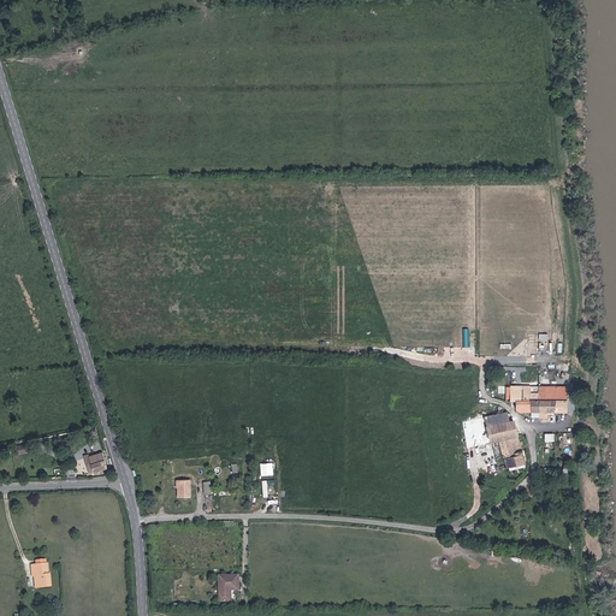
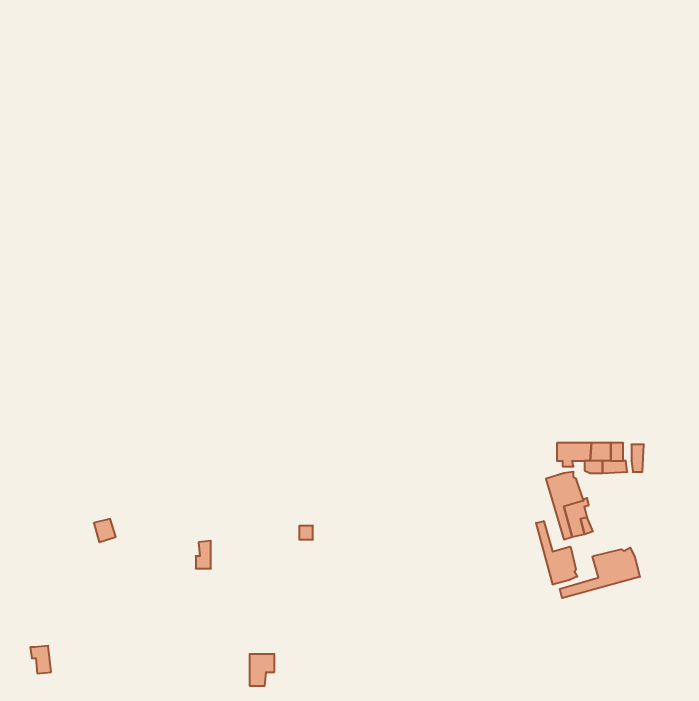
building: none -> [536,521,577,585]
building: none -> [560,548,640,598]

